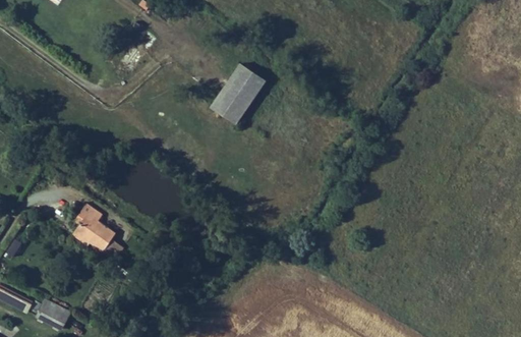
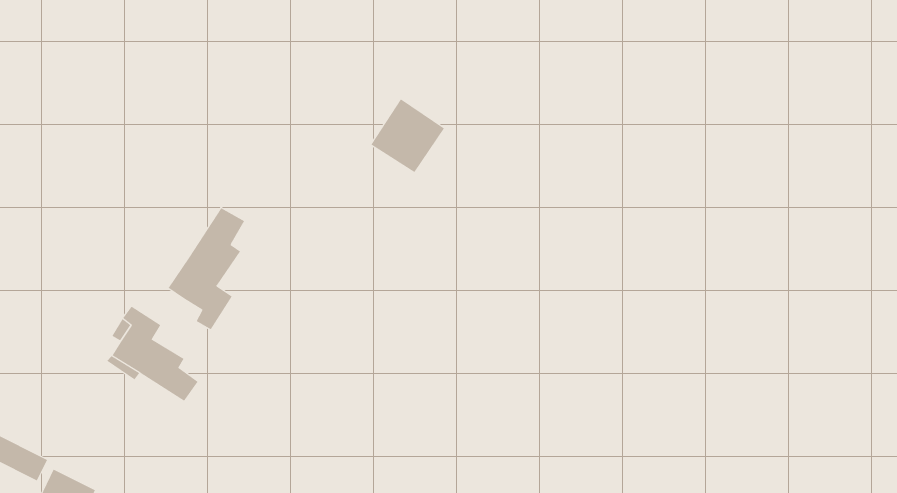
building: [230,63,268,98] -> none
building: none -> [168,207,245,330]

